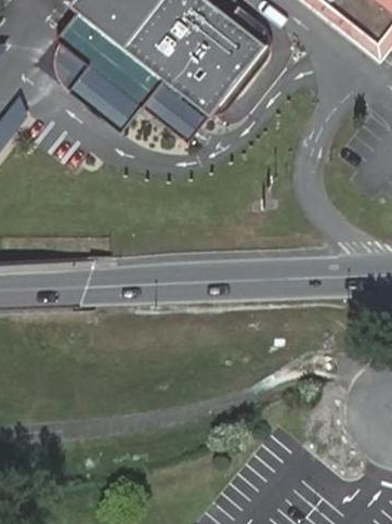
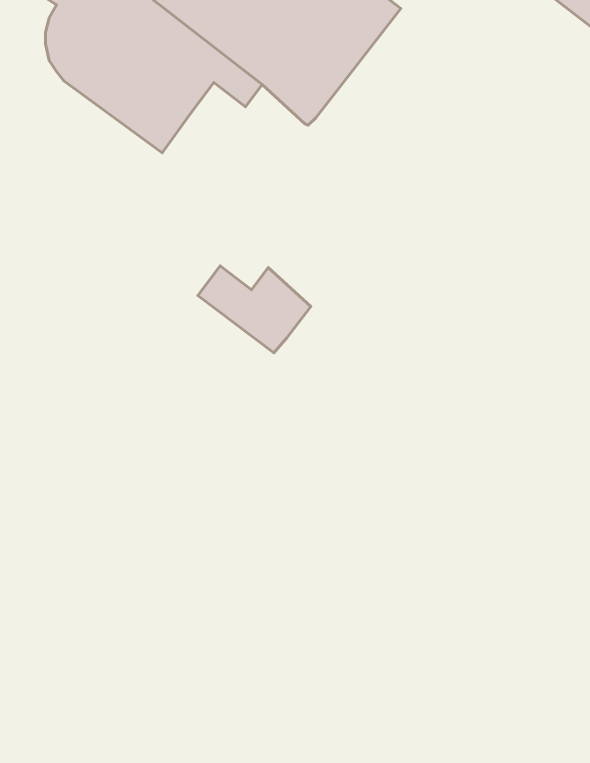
building: [145,88,211,139] -> [198,266,311,353]

